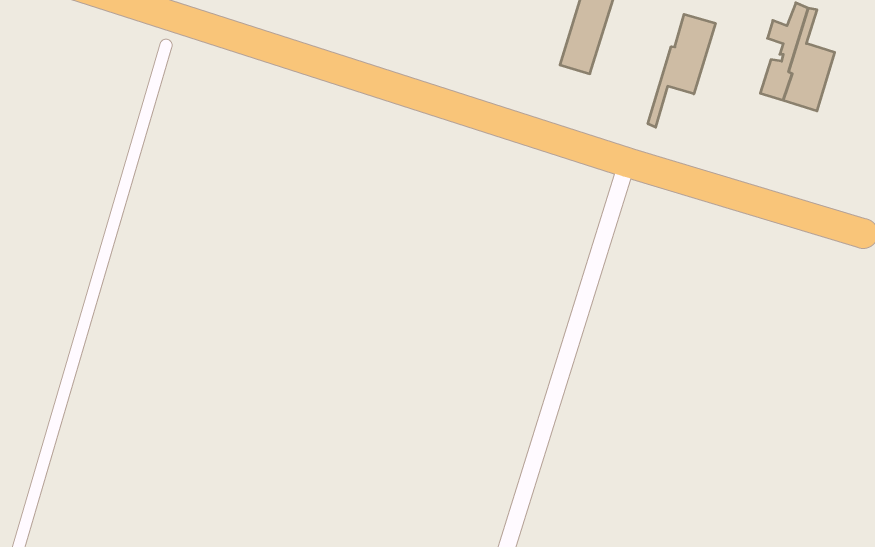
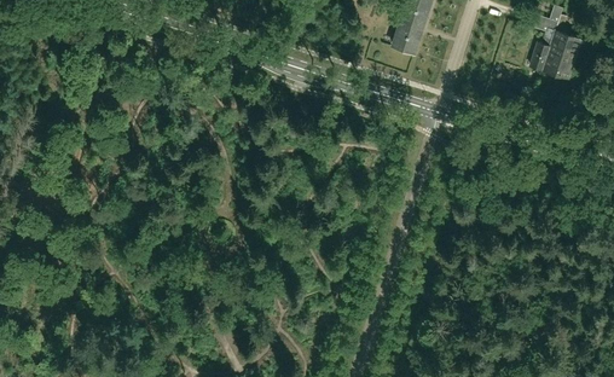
building: [648,14,715,127] -> none

